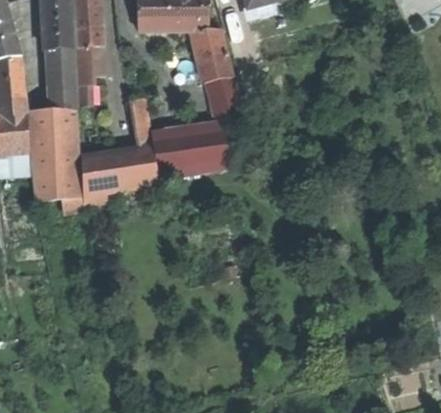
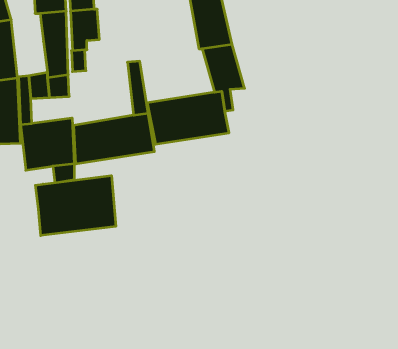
building: [40,129,79,155] -> none
building: none -> [35,176,116,236]

